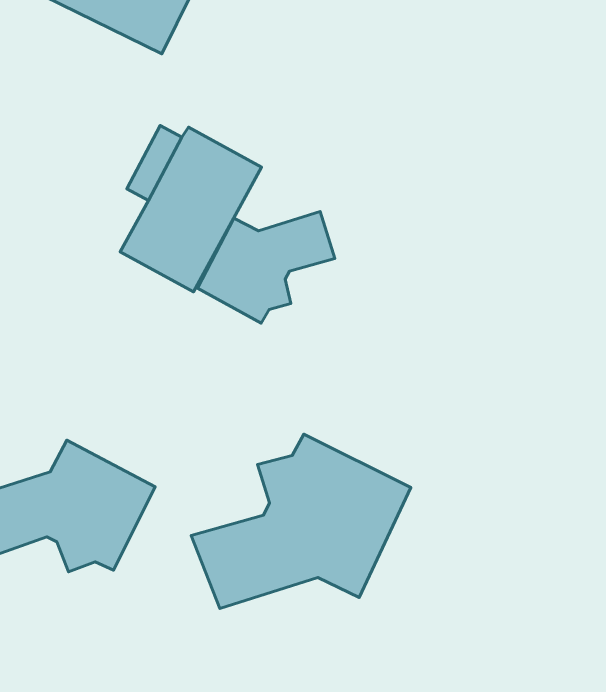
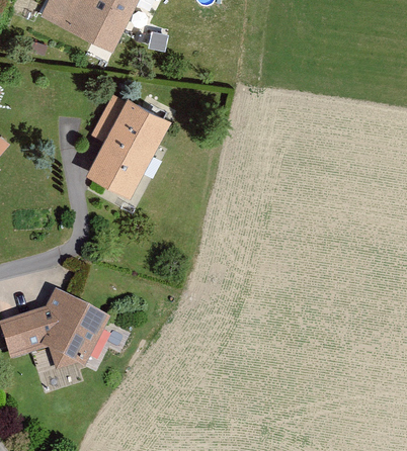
building: [197,211,335,323] -> none
building: [191,434,411,609] -> none

